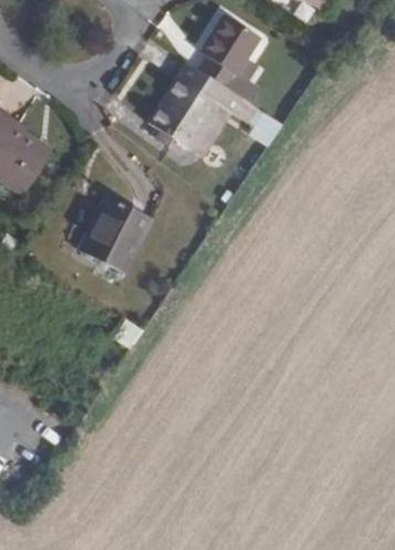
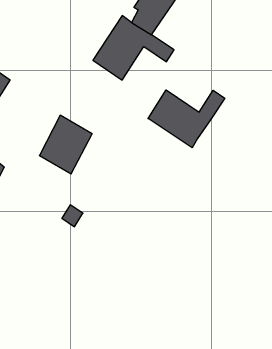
building: none -> [148,90,225,148]

